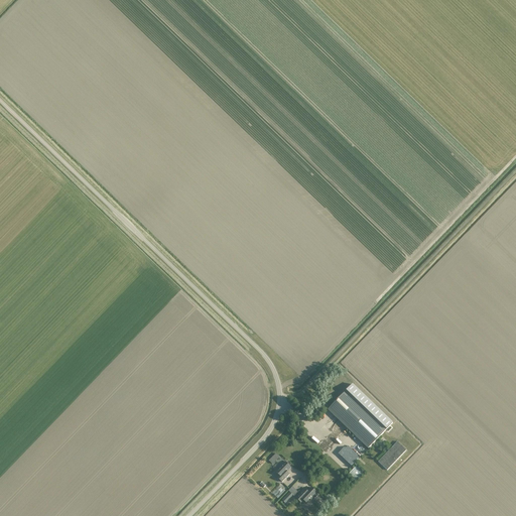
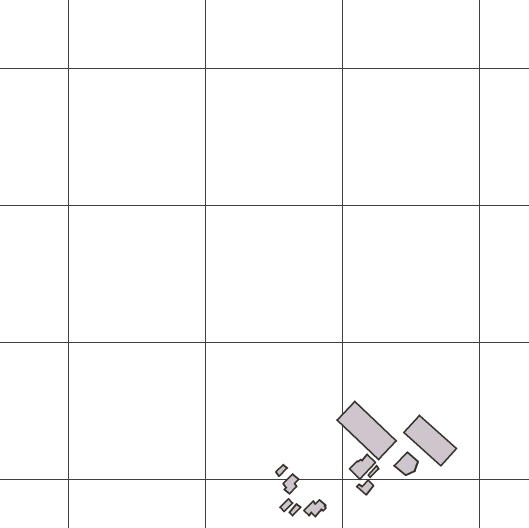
building: none -> [404,415,456,466]

